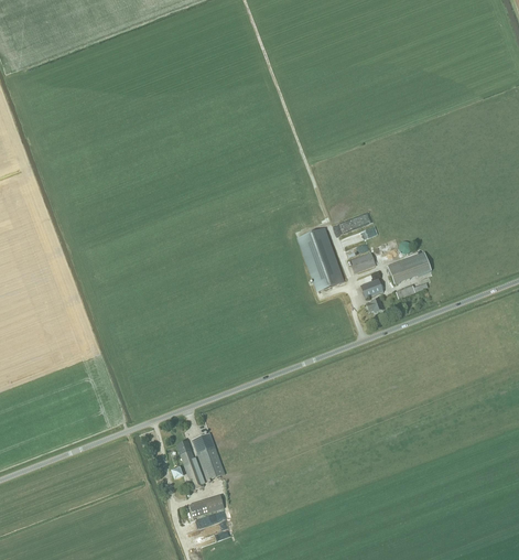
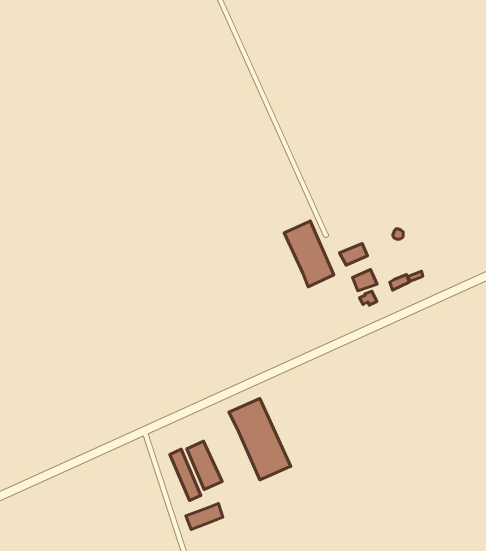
building: [387,251,431,284] -> none
building: none -> [229,399,291,480]

